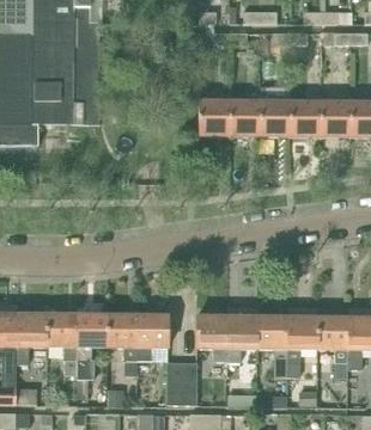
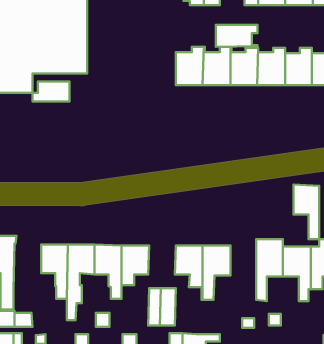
building: none -> [216,25,258,47]
building: none -> [33,81,69,102]
building: [17,312,48,363] -> none
building: [260,314,288,375] -> [294,185,319,239]

